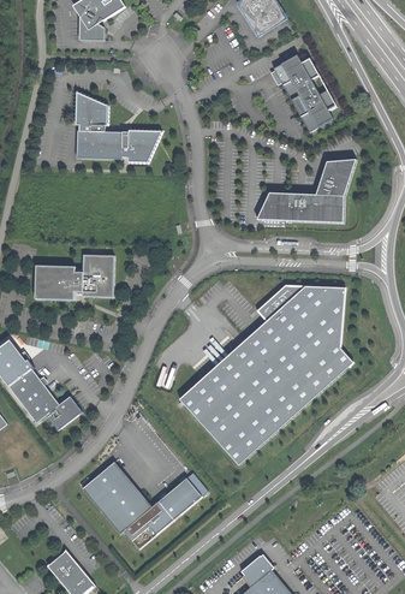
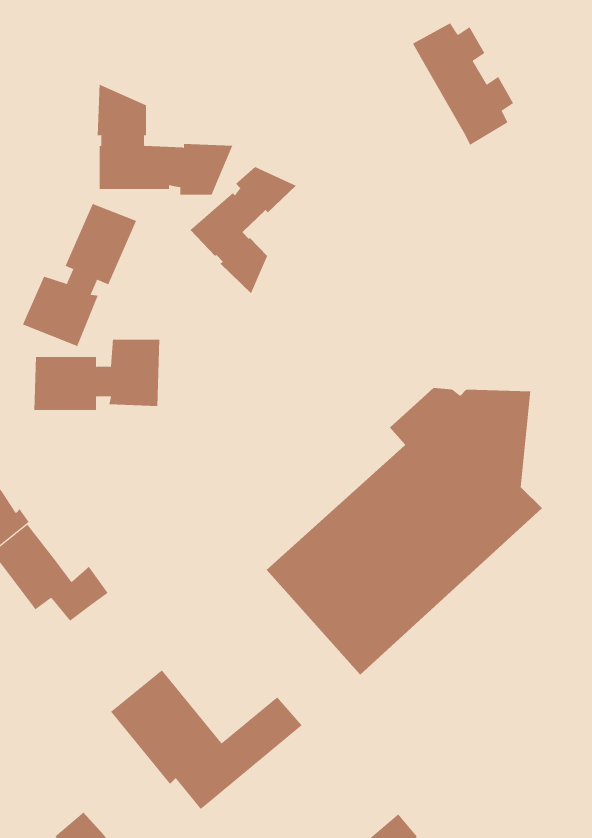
building: none -> [190,166,297,294]
building: [257,159,356,221] -> none
building: none -> [22,203,137,347]

